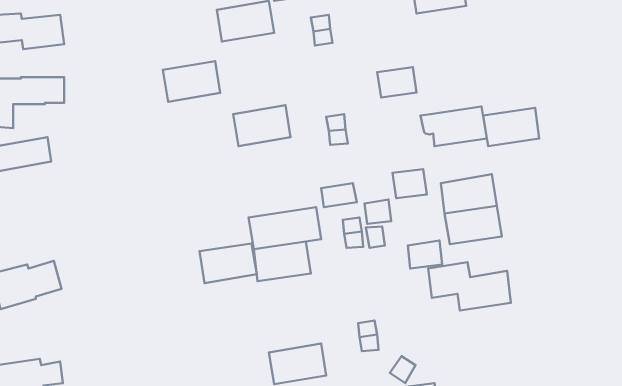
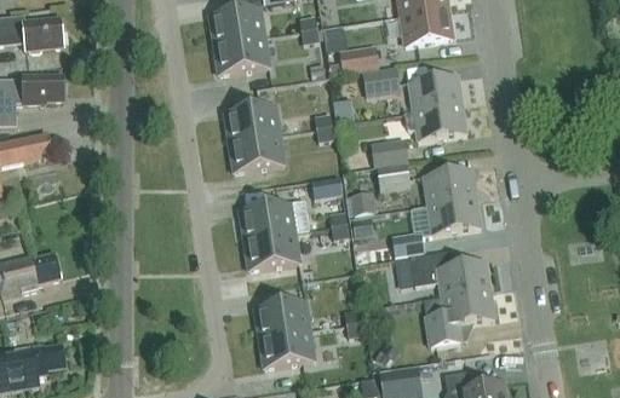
building: none -> [400,8,452,45]
building: none -> [338,46,378,71]
building: [163,61,220,102] -> [214,34,269,73]
building: [483,108,539,146] -> [408,75,461,111]
building: none -> [230,133,285,172]
building: none -> [371,139,407,166]
building: [199,244,257,283] -> [254,300,309,338]
building: none -> [425,290,494,346]

